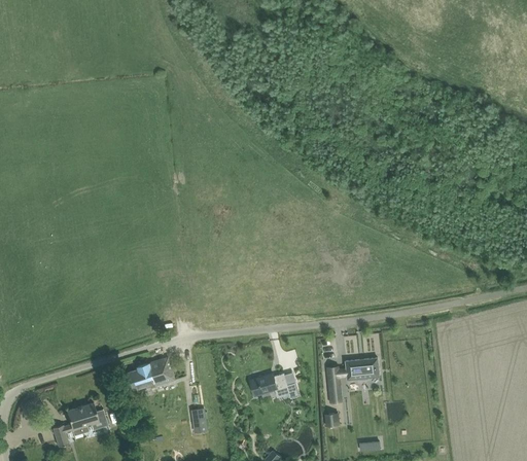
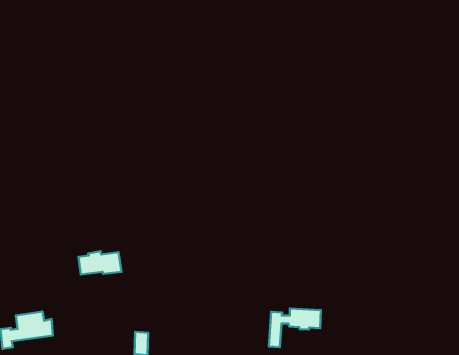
building: [128,360,174,389] -> [78,251,122,274]
building: [249,373,298,398] -> none

